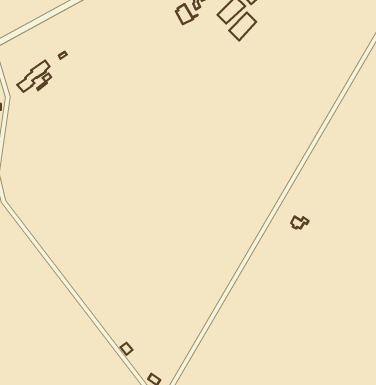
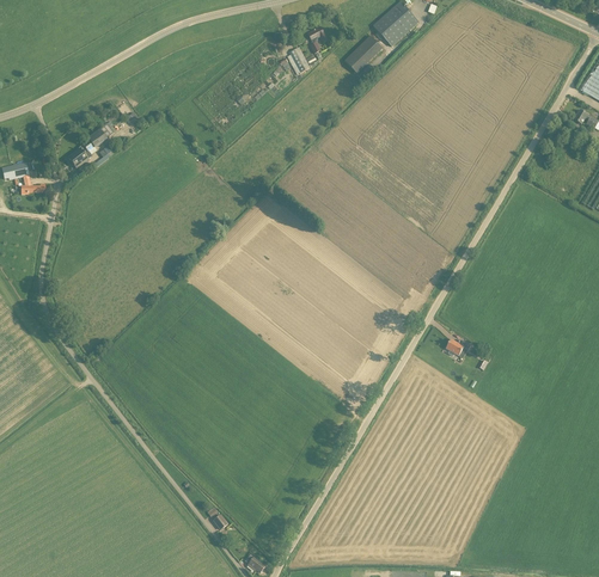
building: [229,13,256,41] -> none

